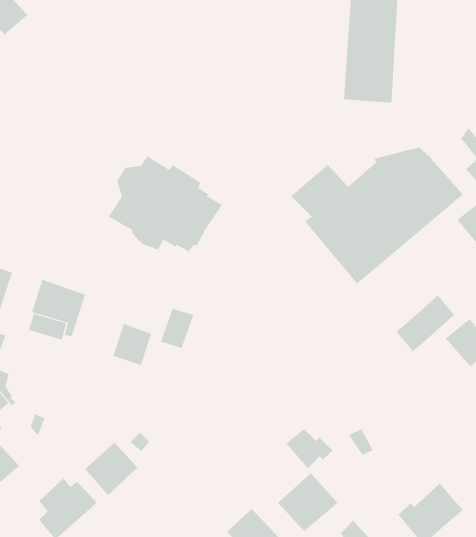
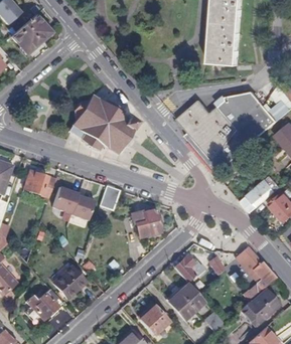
building: none -> [10,15,49,53]
building: none -> [51,187,77,214]
building: none -> [129,208,159,237]
building: none -> [235,246,275,302]

